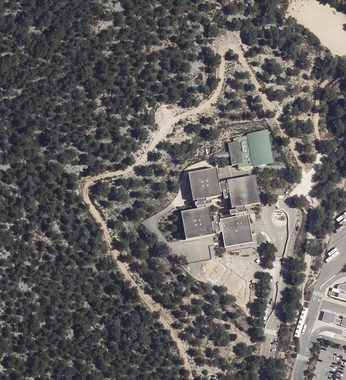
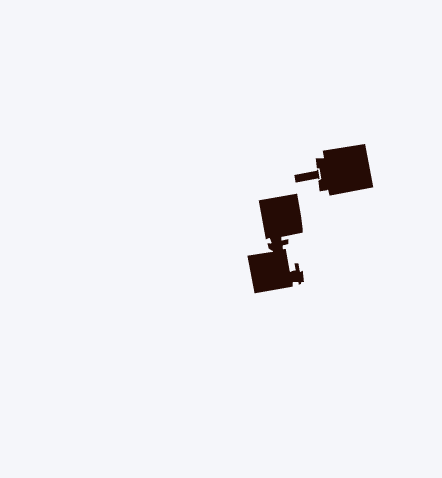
building: [219,175,259,246] -> none

